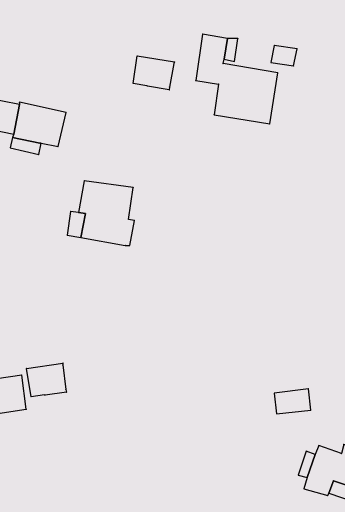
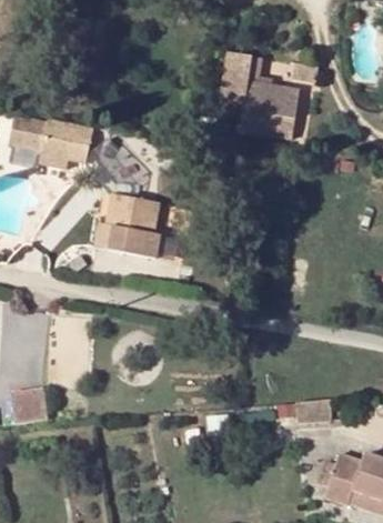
building: [133,56,175,90] -> none
building: [27,363,66,397] -> none

